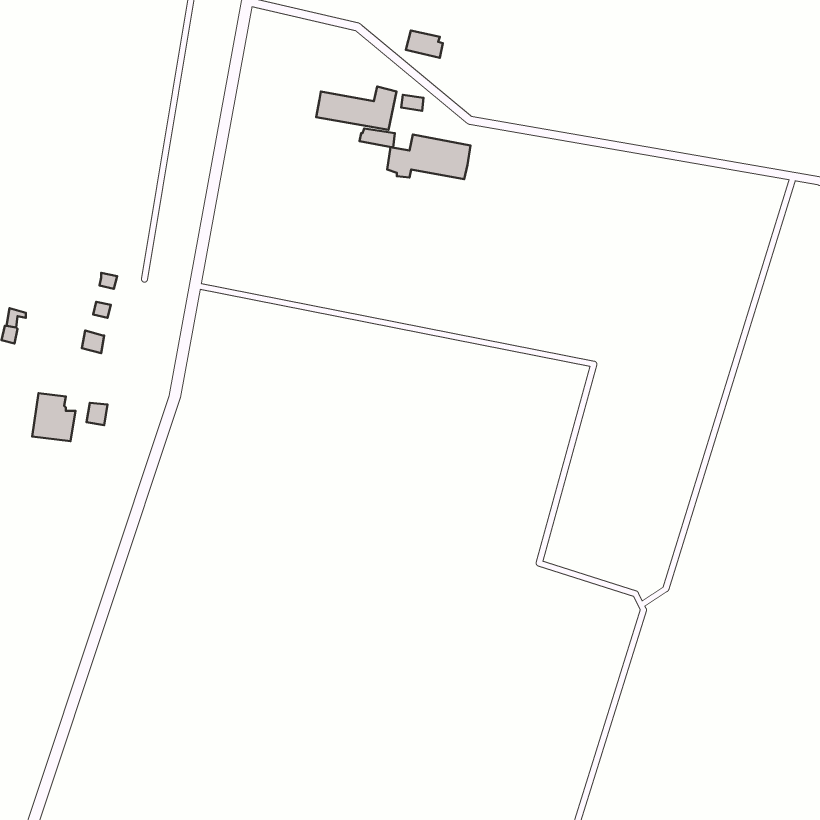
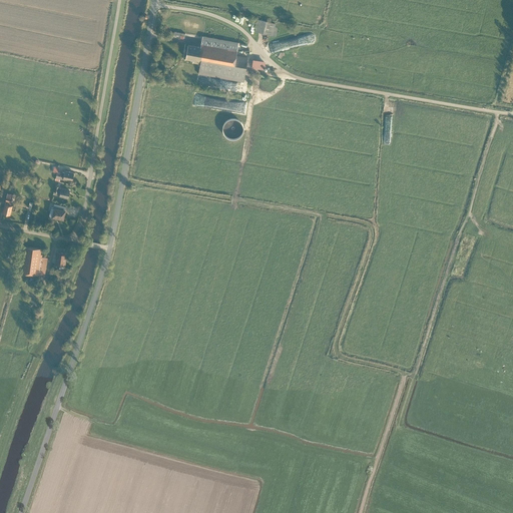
building: [387,134,471,179] -> [185,35,237,63]

